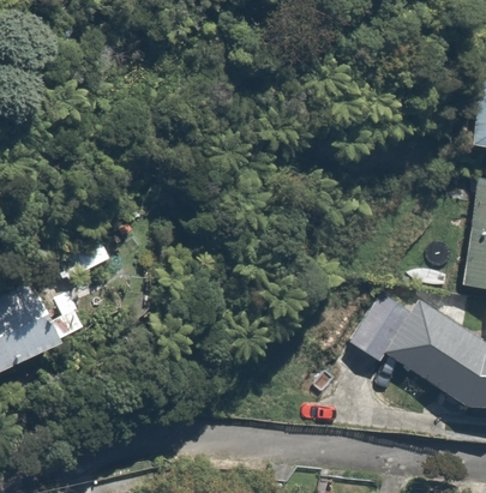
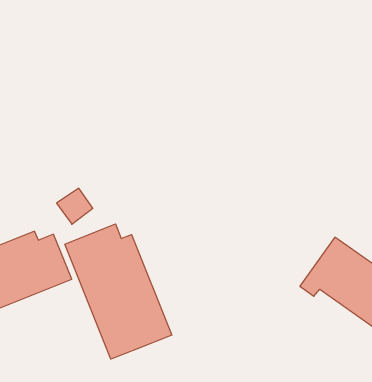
building: none -> [65,224,172,359]

